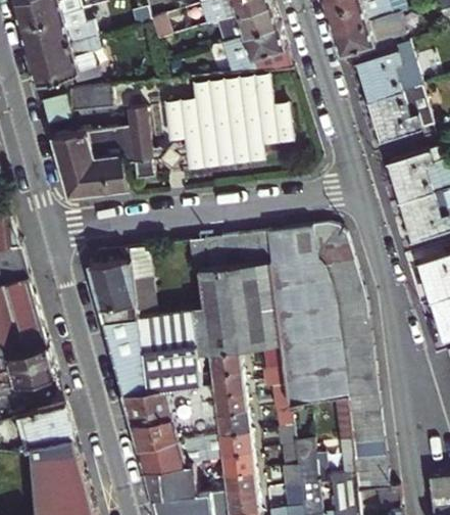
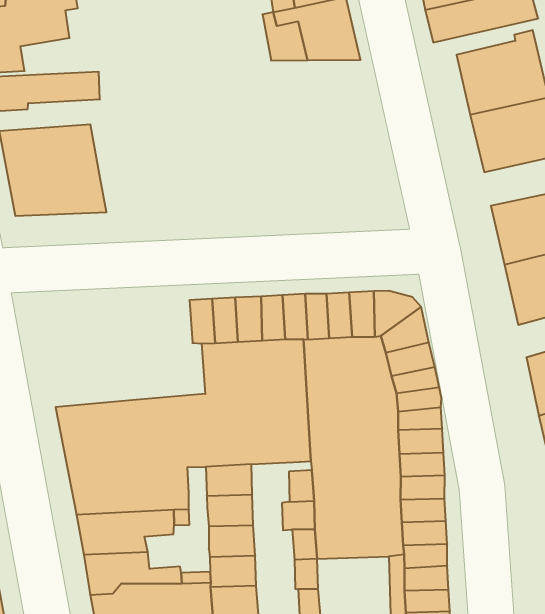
building: [164,79,290,166] -> none
building: [113,109,157,180] -> none
building: [89,247,153,321] -> none

